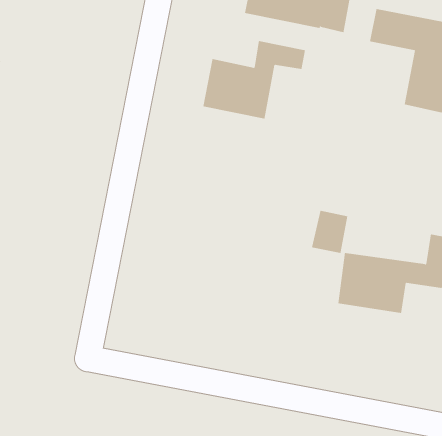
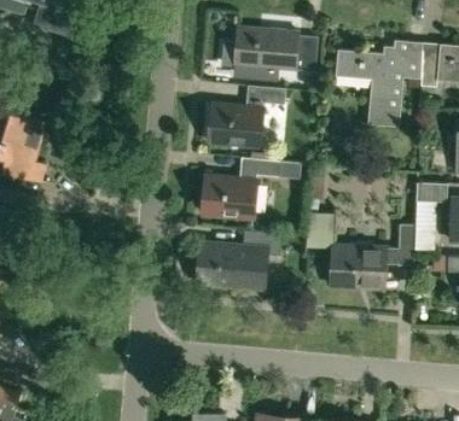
building: none -> [202,158,278,220]
building: none -> [196,232,280,291]

